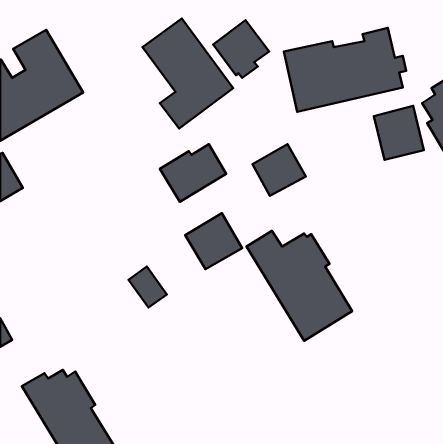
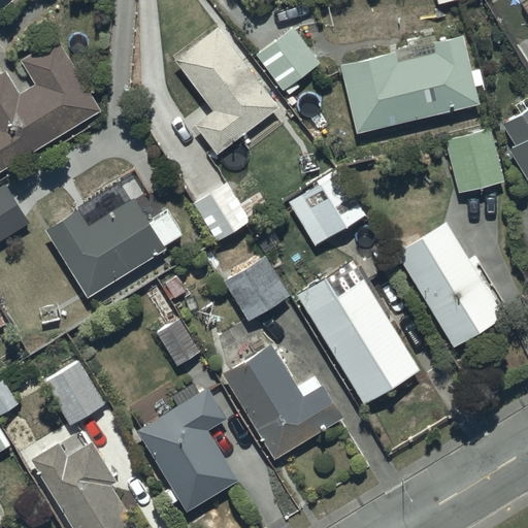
building: none -> [45,199,184,298]
building: none -> [394,222,514,350]
building: none -> [223,345,342,459]
building: none -> [43,364,104,424]
building: none -> [136,384,237,514]

